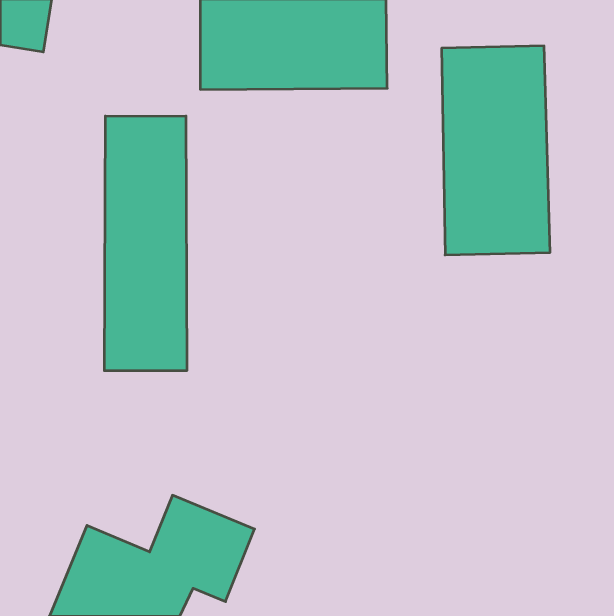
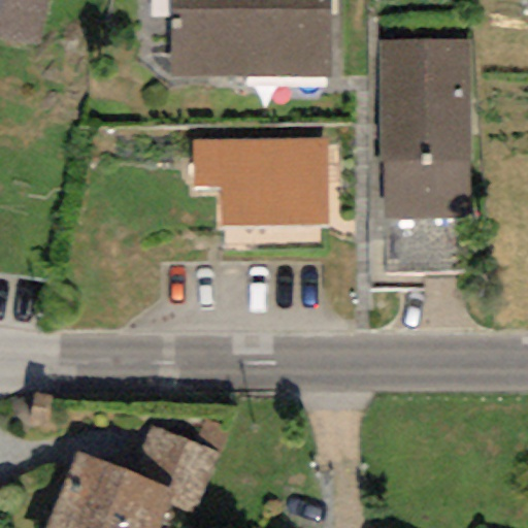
building: [104,116,187,371] -> none
building: none -> [193,140,329,228]

